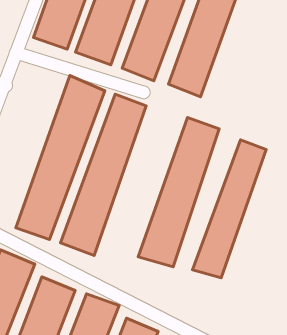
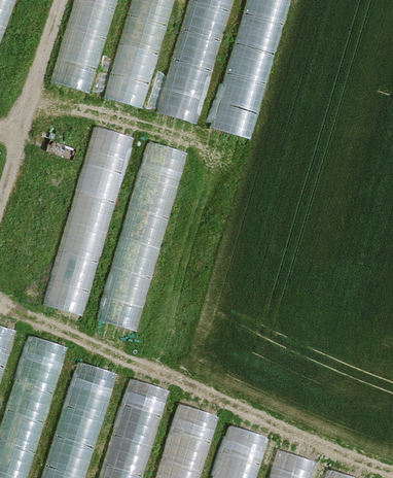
building: [138,117,219,267] -> none
building: [193,140,266,278] -> none

